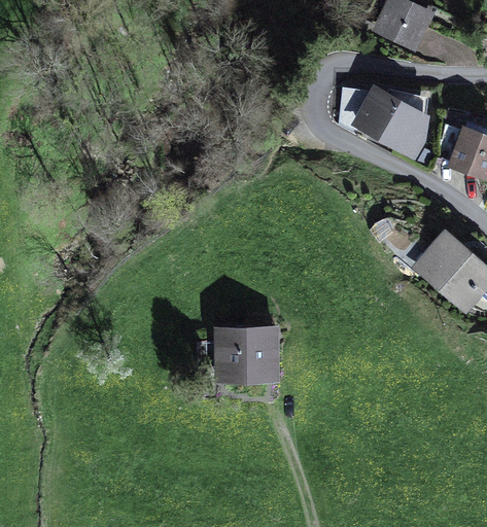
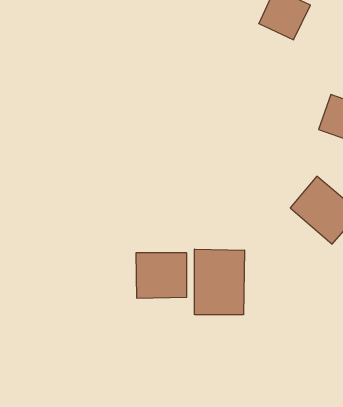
building: [350,83,430,162] -> none
building: none -> [195,249,244,315]

